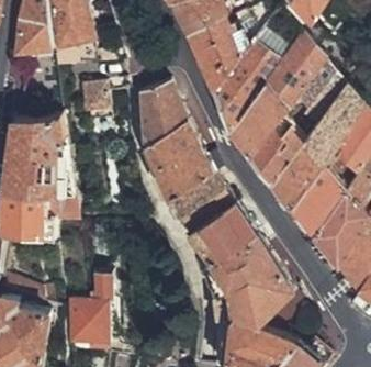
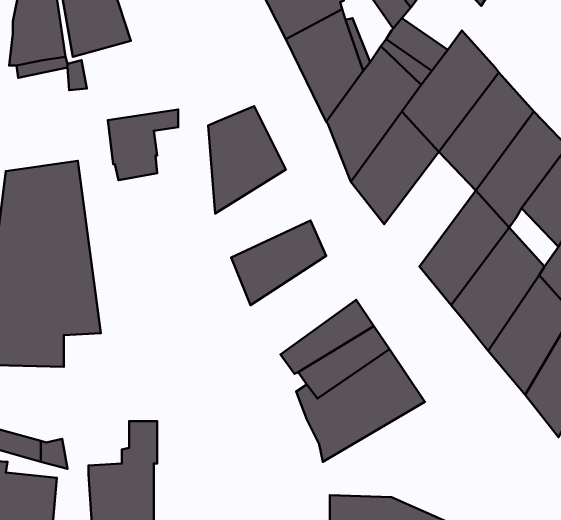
building: [251,108,308,179] -> none
building: [146,119,205,174] -> none
building: [168,173,234,234] -> none
building: [213,264,293,323] -> none

